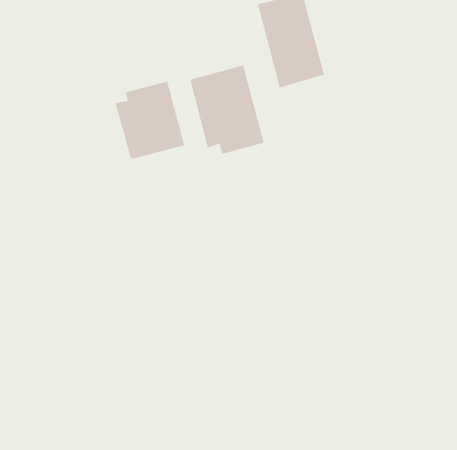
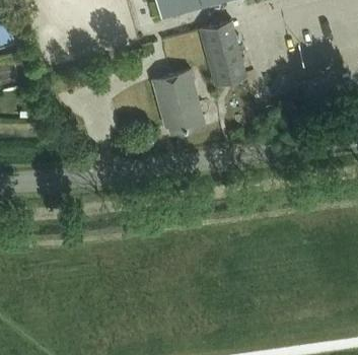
building: [115,81,185,160] -> none

